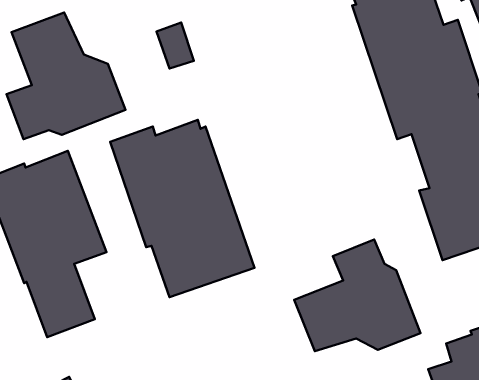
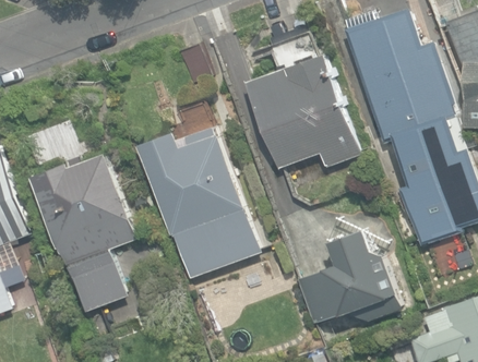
building: [7,12,126,139] -> none
building: none -> [247,53,362,168]

